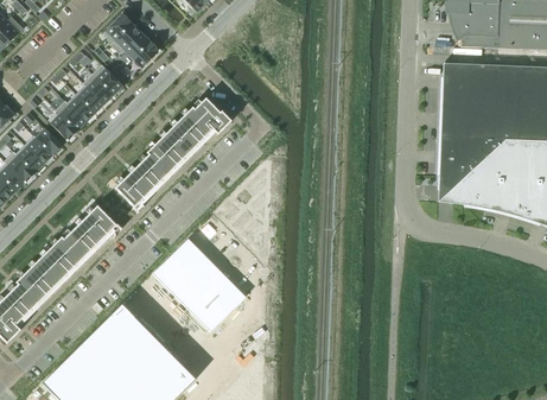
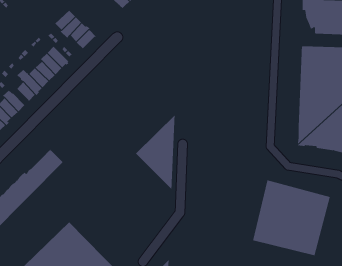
building: [115,99,231,208] -> none
building: [154,241,244,331] -> none
building: none -> [253,179,331,256]

